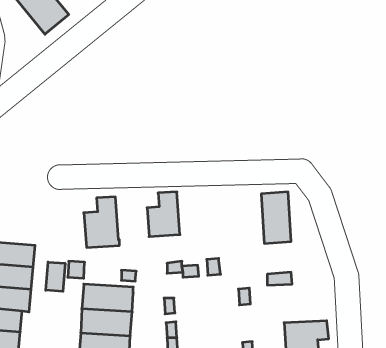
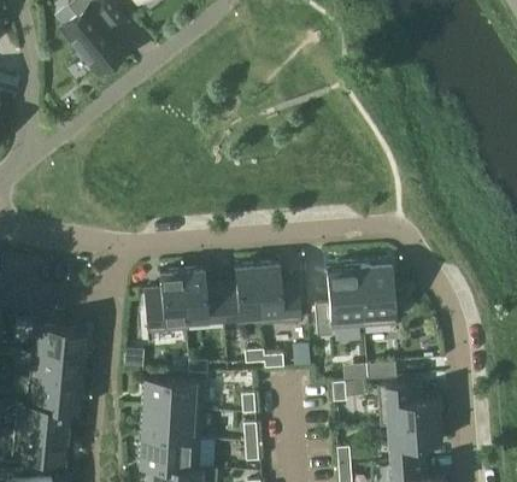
building: none -> [257,263,300,323]
building: none -> [315,266,363,336]
building: none -> [182,268,223,322]
building: [46,262,65,291] -> none
building: none -> [377,382,439,423]

